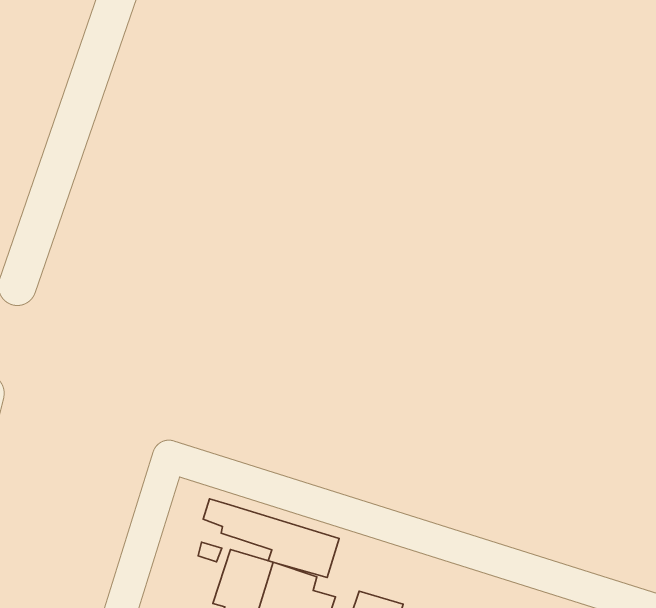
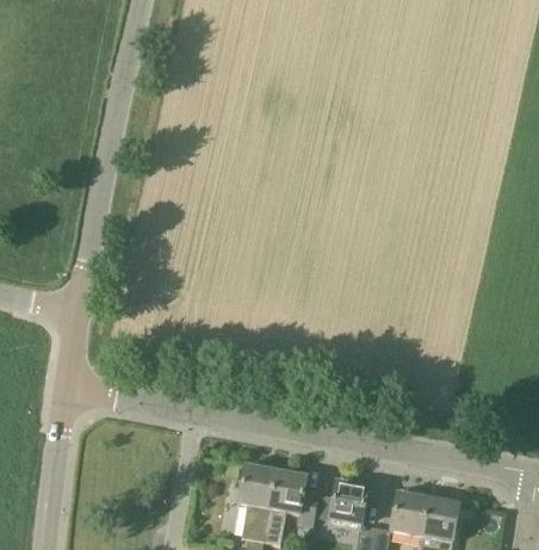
building: [203,499,339,578] -> none

